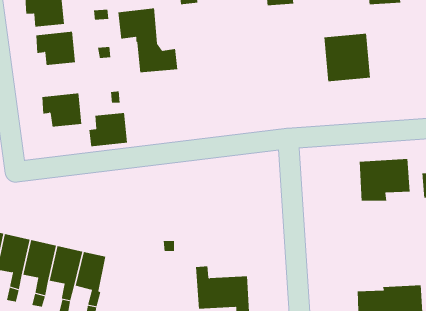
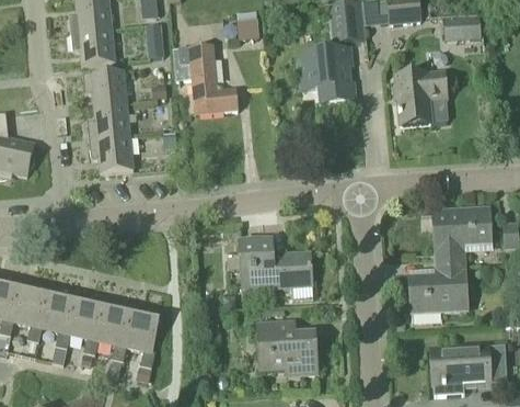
building: none -> [298,47,355,101]
building: [89,113,128,147] -> [88,103,130,140]
building: none -> [239,239,311,290]
building: none -> [411,253,467,312]

